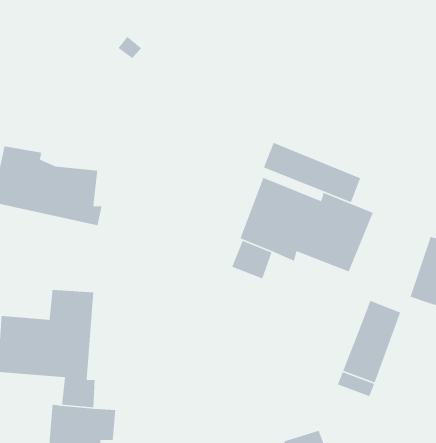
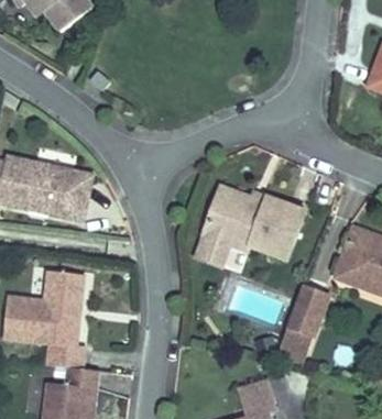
building: [263,142,361,203] -> none

